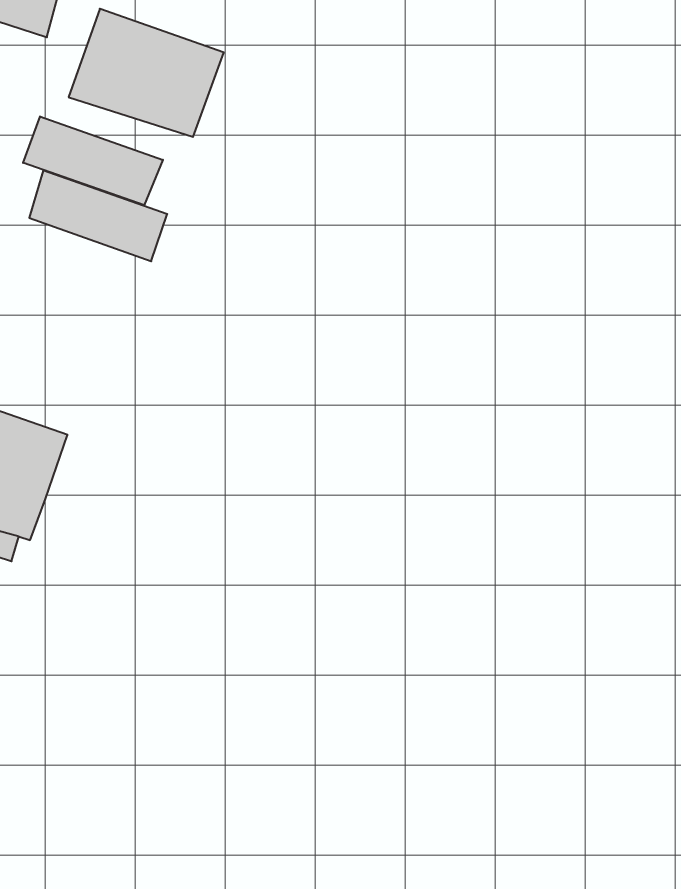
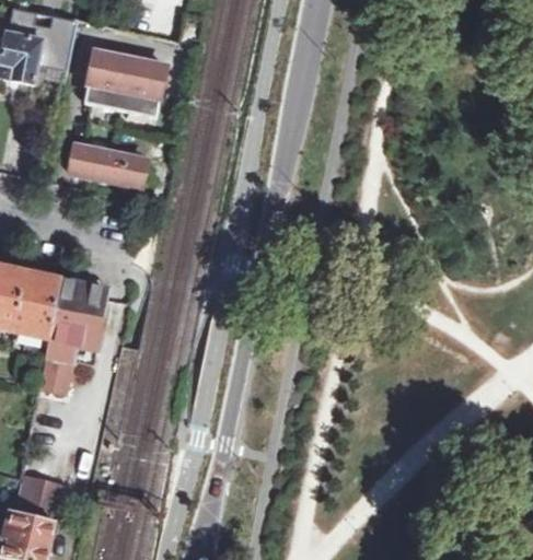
building: [23,116,163,205] -> none

